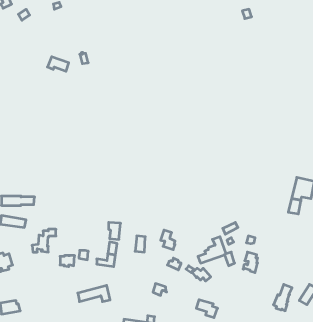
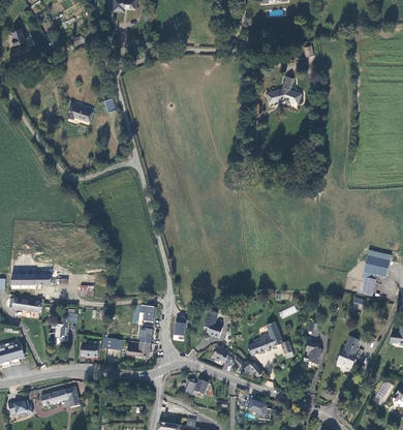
building: none -> [265,75,301,103]
building: [273,284,292,311] -> [337,336,360,368]
building: [78,285,110,302] -> [39,388,79,407]

